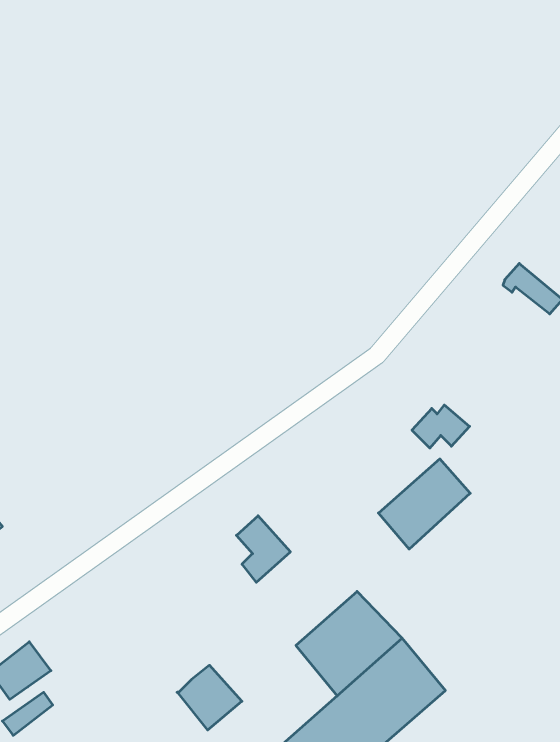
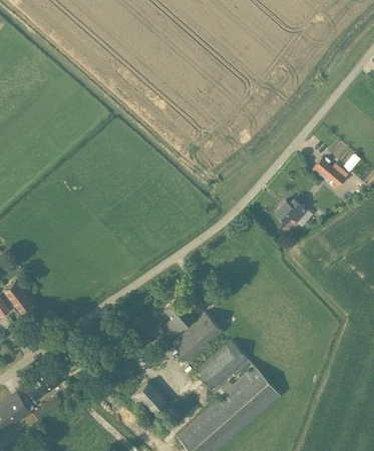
building: [412,405,470,448] -> [275,199,307,223]
building: [378,459,470,549] -> [171,313,223,363]

